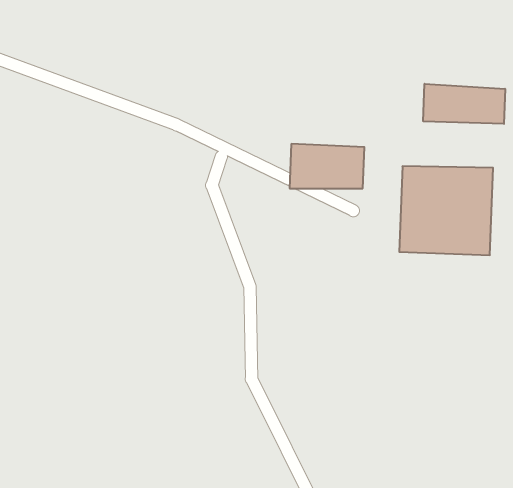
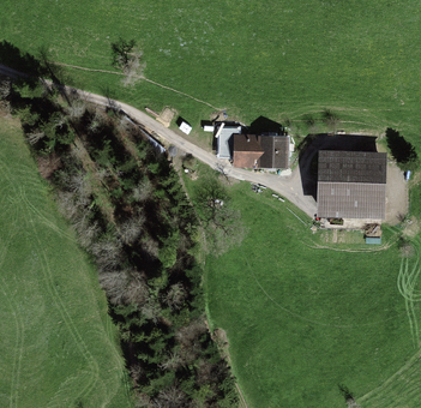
building: [423,84,505,124] -> none

